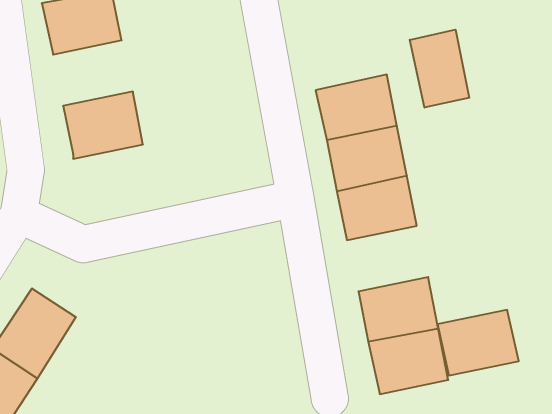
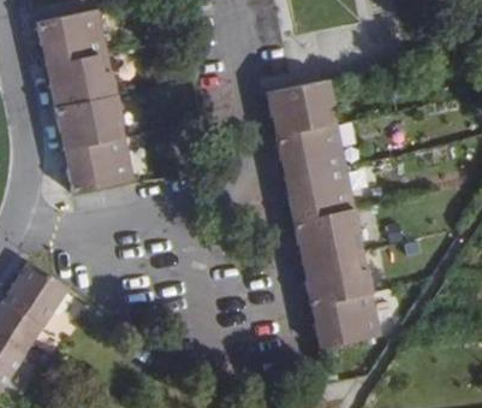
building: [410,30,469,108] -> none
building: none -> [47,52,114,107]
building: none -> [64,140,131,194]
building: [437,310,519,375] -> [294,208,363,264]

